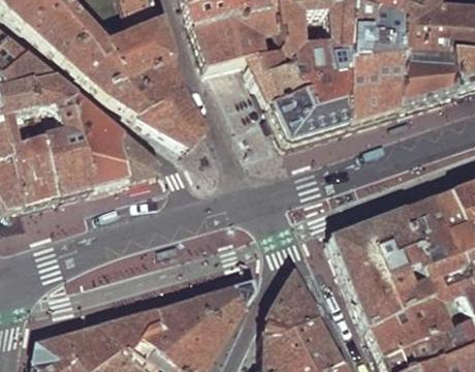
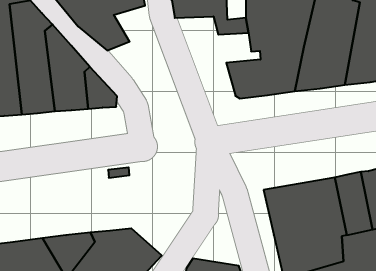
building: [138,56,204,140] -> none
building: [255,67,305,103] -> none
building: [266,275,317,319] -> none
building: [195,282,254,321] -> none

